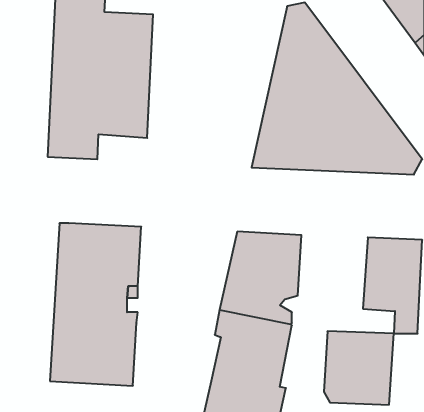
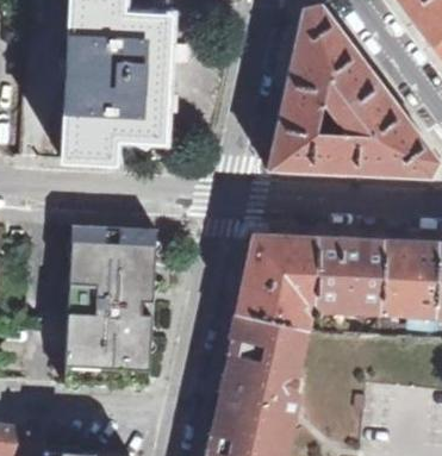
building: [324,331,394,405] -> [313,237,384,311]

